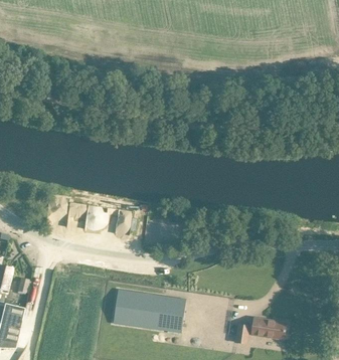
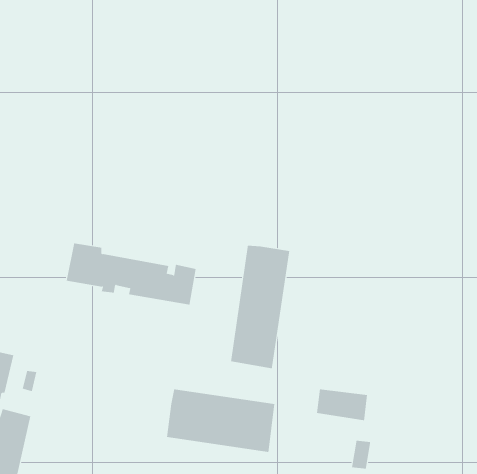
building: none -> [231,245,290,369]
building: [252,318,287,339] -> [316,389,368,421]

